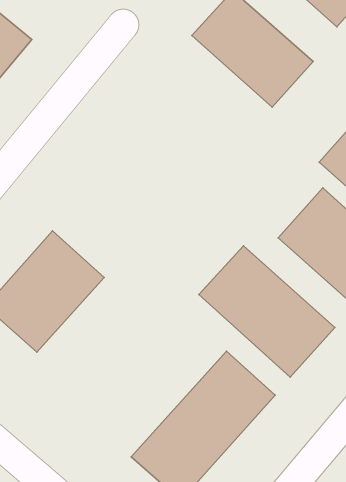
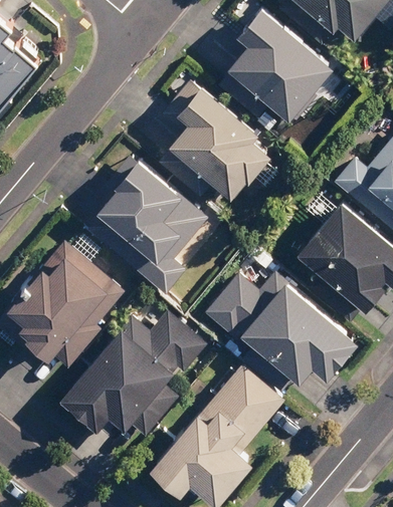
building: none -> [157,84,271,195]
building: none -> [84,155,217,282]
building: none -> [69,305,201,440]

